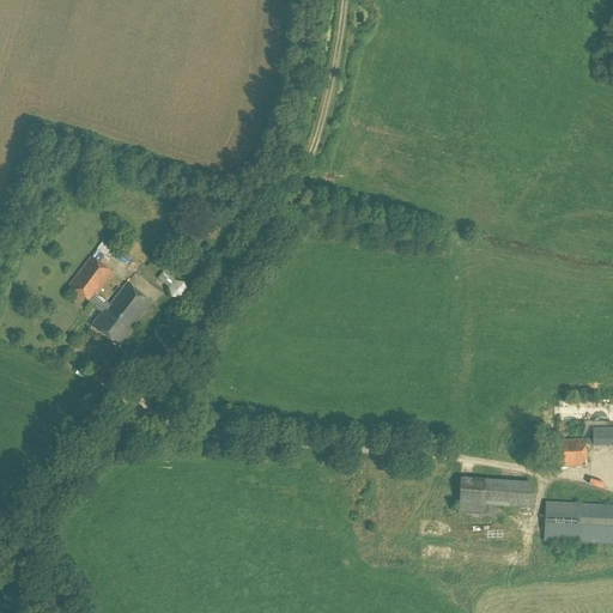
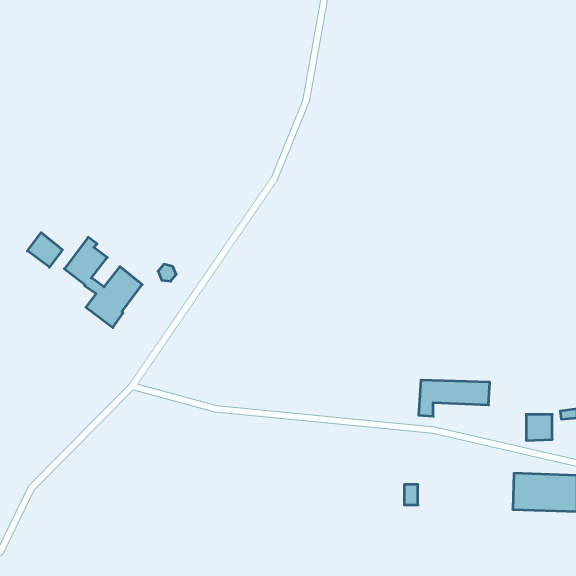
building: none -> [27,233,62,267]
building: [460,474,535,512] -> [419,380,490,416]

